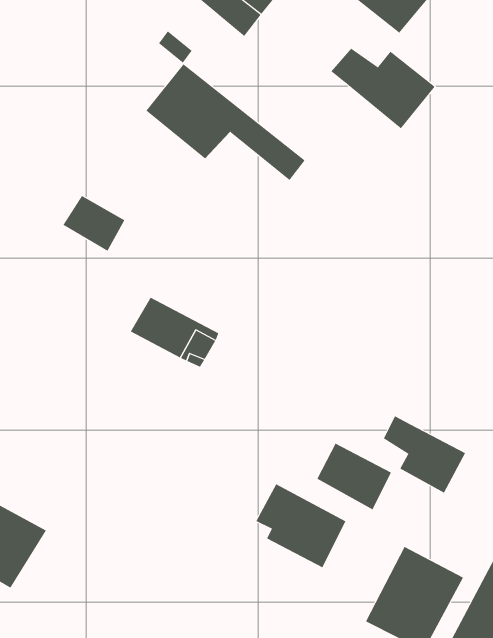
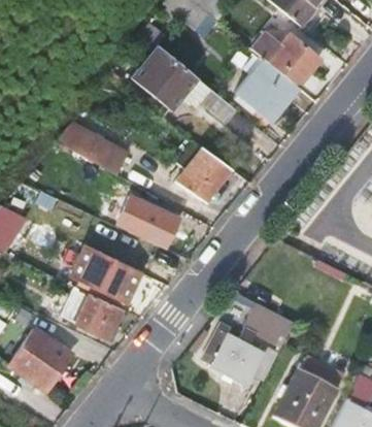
building: none -> [235,60,300,124]
building: none -> [172,146,234,200]
building: none -> [72,247,140,301]
building: [383,415,466,493] -> none
building: none -> [72,293,122,342]

